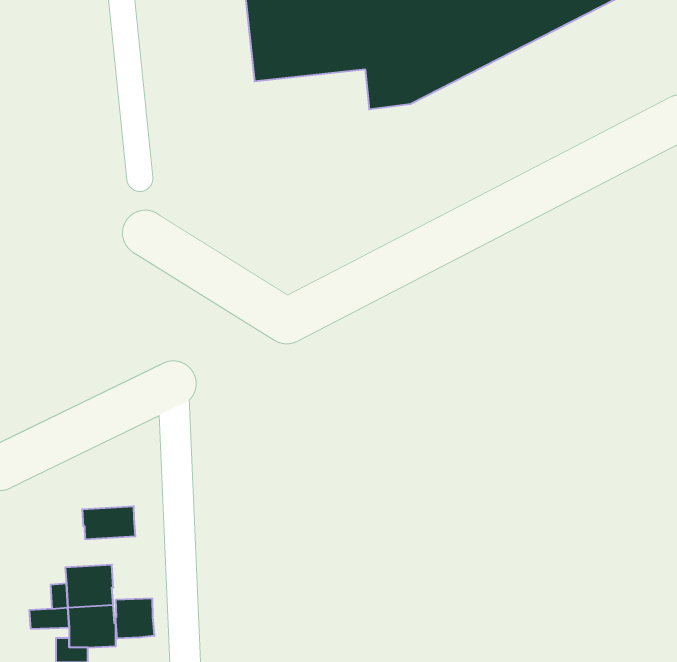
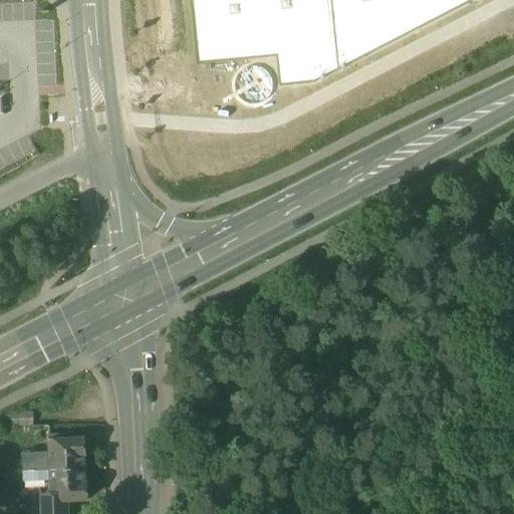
building: [82,506,135,539] -> none
building: [115,598,154,639] -> none

